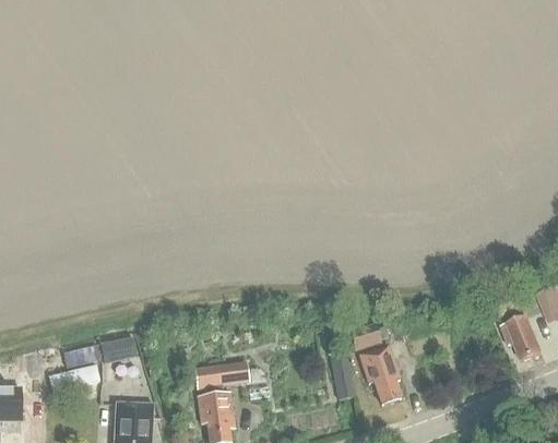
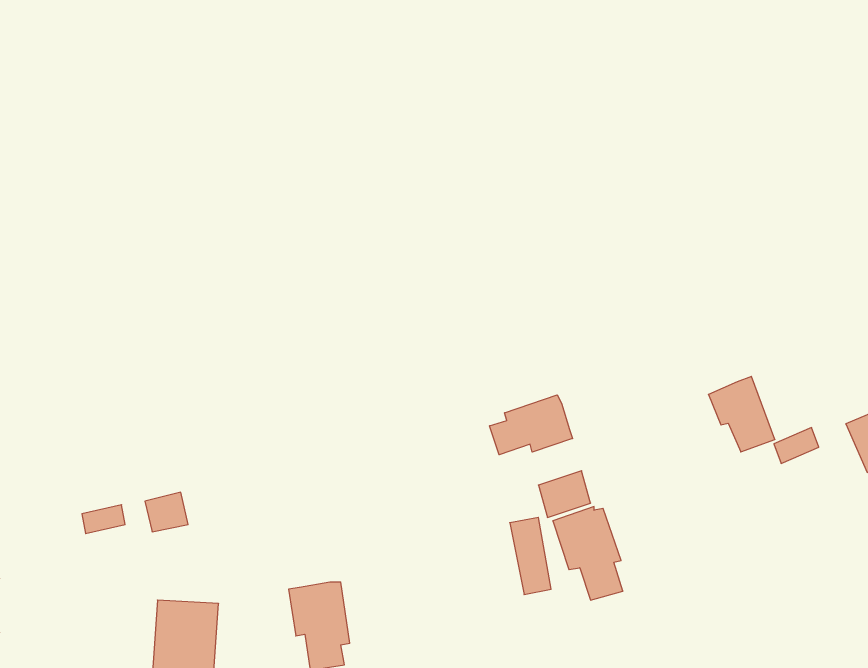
building: none -> [490,395,573,455]
building: [500,314,541,360] -> [708,376,775,452]
building: [192,360,248,388] -> none

